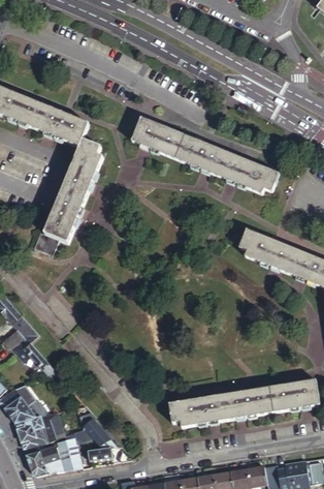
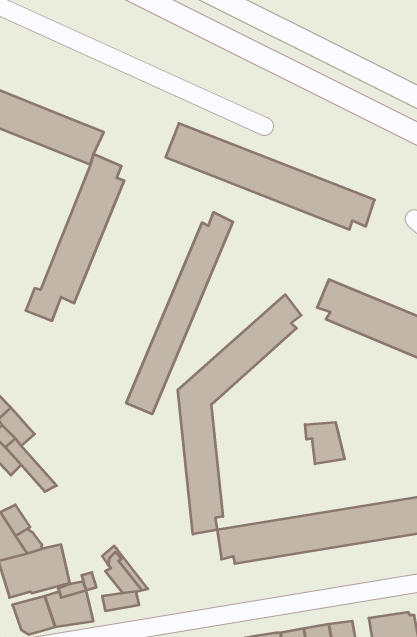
building: none -> [126,212,233,414]
building: none -> [178,295,301,534]
building: none -> [305,422,345,464]

